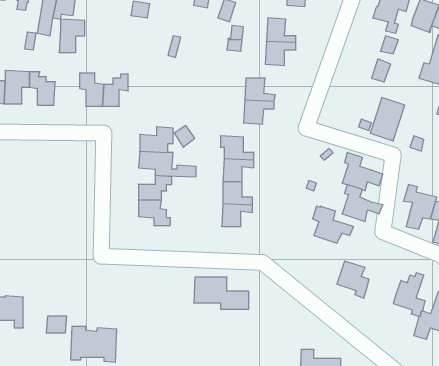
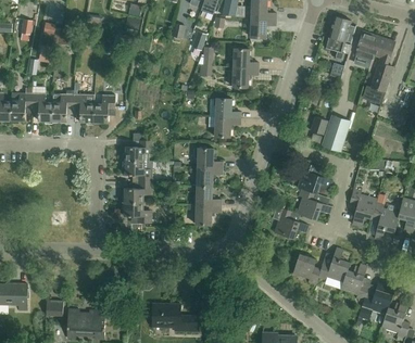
building: [59,19,85,53] -> [52,93,74,122]
building: none -> [317,247,350,282]
building: [194,277,249,309] -> [152,304,199,331]

